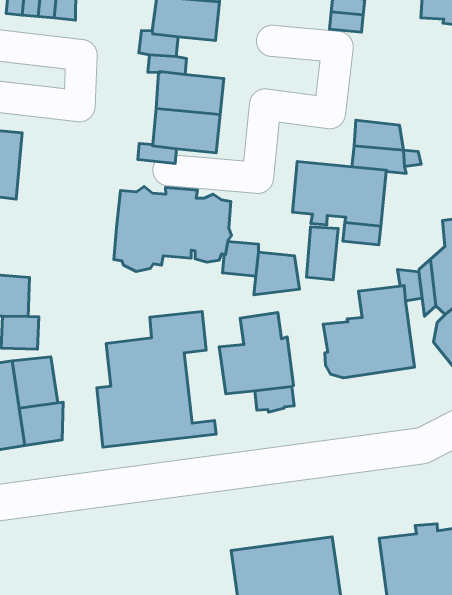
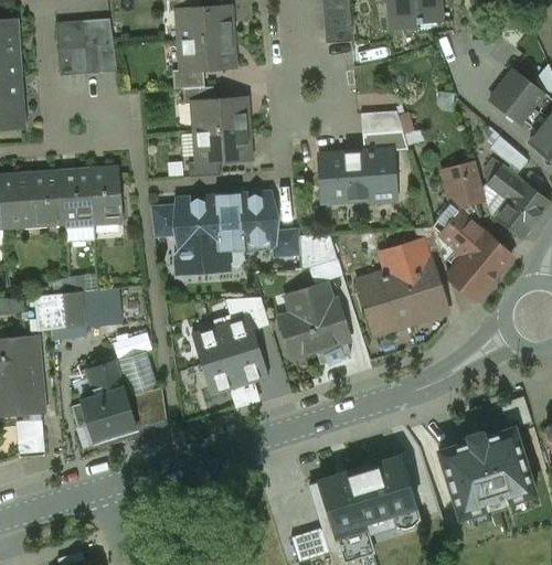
building: none -> [89,168,123,225]
building: none -> [151,210,180,236]
building: [306,227,338,280] -> none

